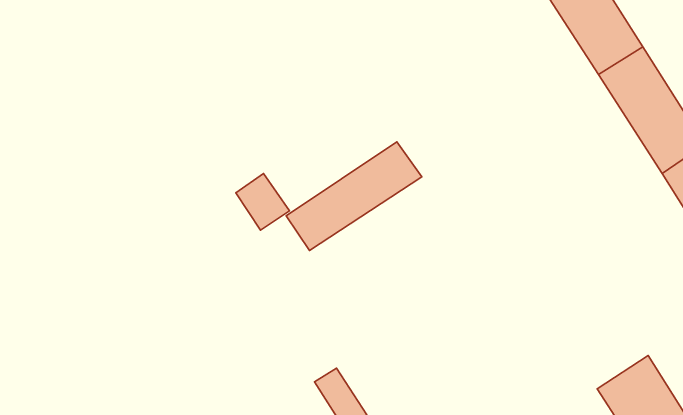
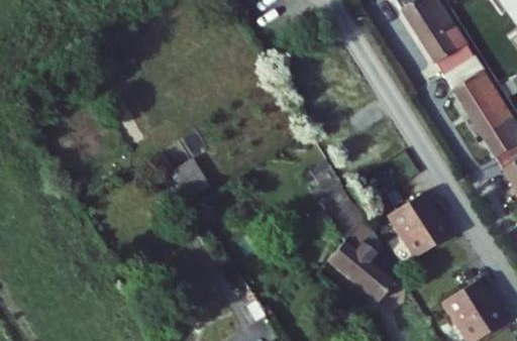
building: [286,142,422,250] -> none
building: none -> [386,195,450,261]
building: none -> [331,219,397,307]

